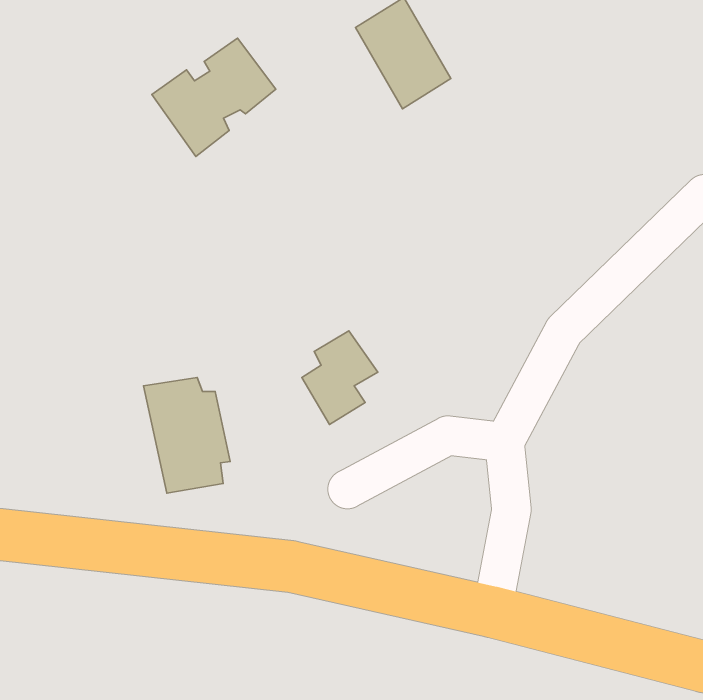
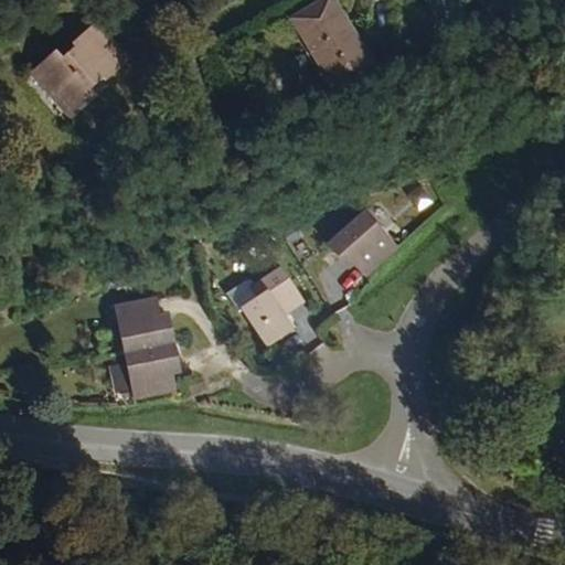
building: [152,38,276,157] -> [21,18,120,113]
building: none -> [334,215,401,274]

